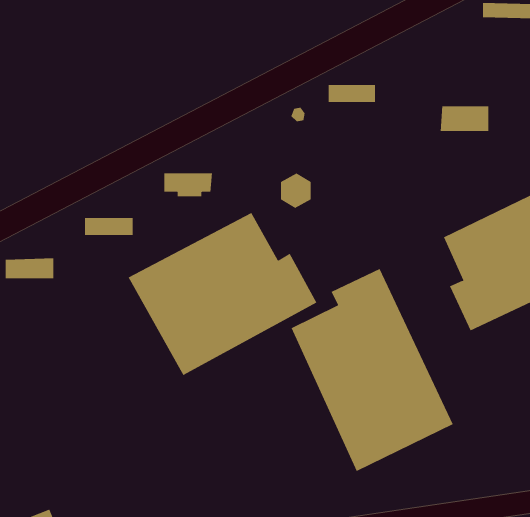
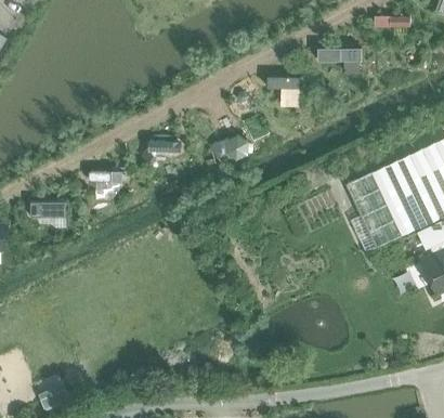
building: [440,106,489,131] -> [321,45,356,64]
building: [128,212,317,376] -> none
building: [291,268,453,472] -> none

